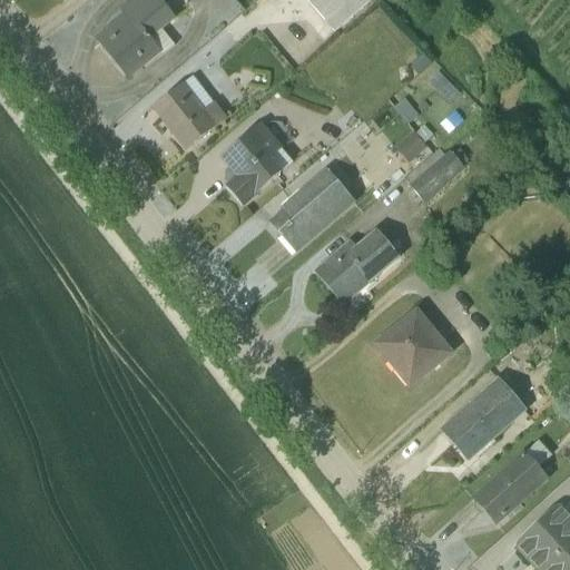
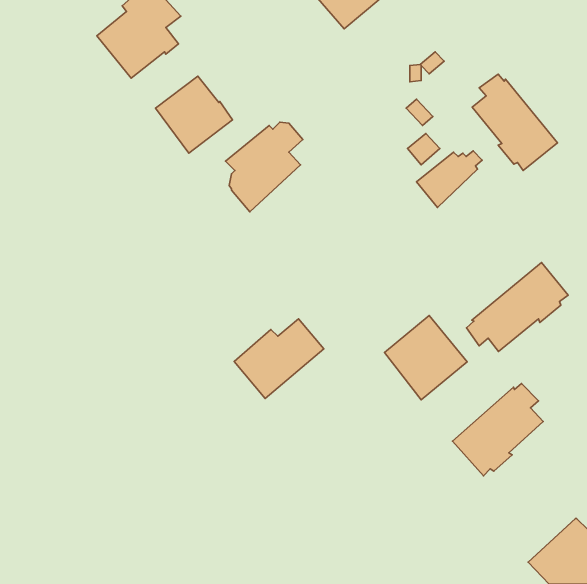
building: none -> [472,74,558,171]
building: [268,166,355,250] -> none
building: [313,227,400,304] -> [234,319,324,398]
building: none -> [466,262,568,351]
building: [471,448,548,522] -> none

